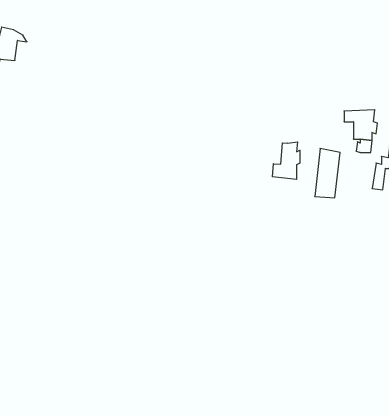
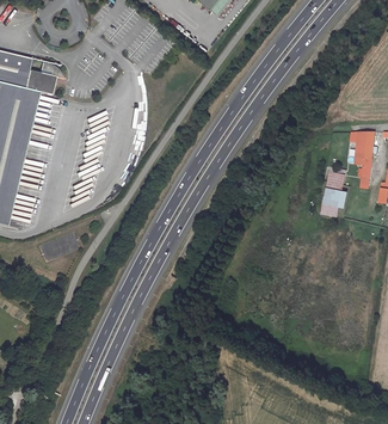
building: [272,142,300,179] -> none

